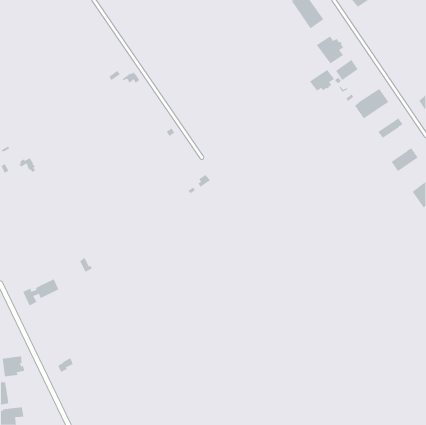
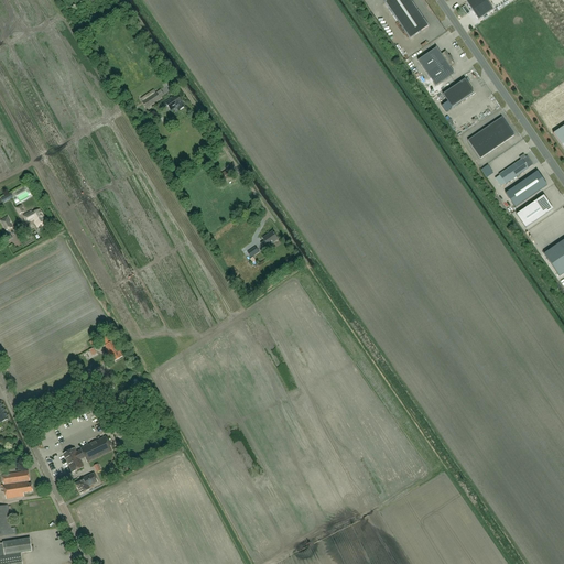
building: [309,69,335,92] -> none
building: none -> [506,171,547,207]
building: [23,279,59,306] -> [64,435,112,471]

